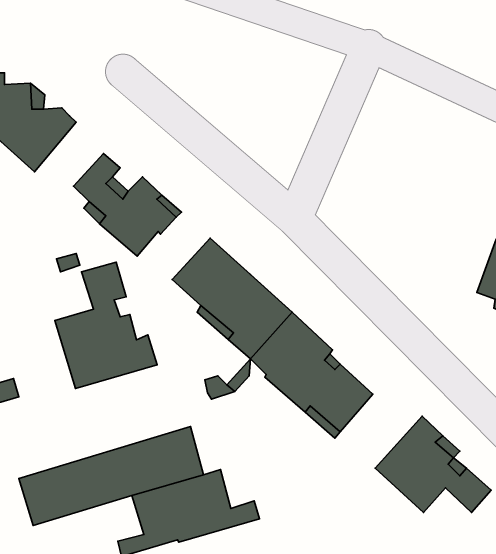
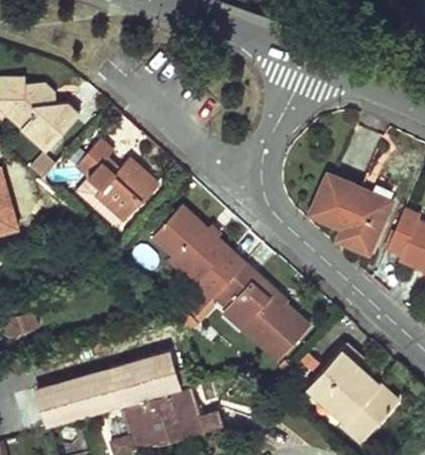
building: none -> [311,174,391,251]
building: [55,262,157,389] -> none
building: none -> [343,400,385,443]

